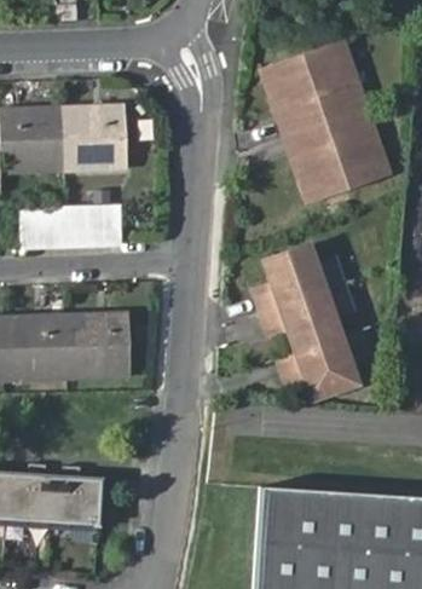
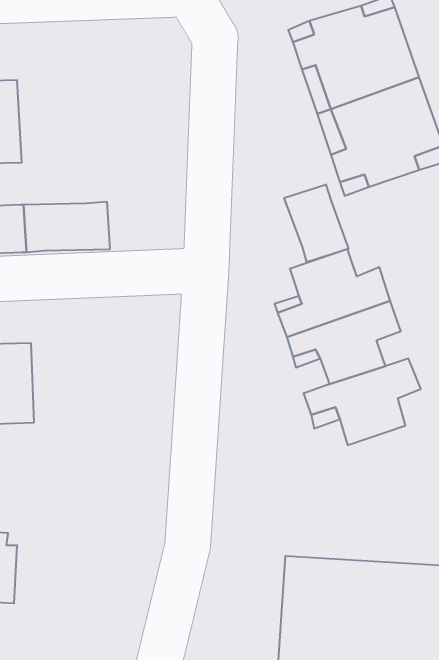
building: [47,105,125,173] -> none
building: none -> [284,184,349,262]
building: [58,314,128,380] -> none
building: [45,468,94,527] -> none

